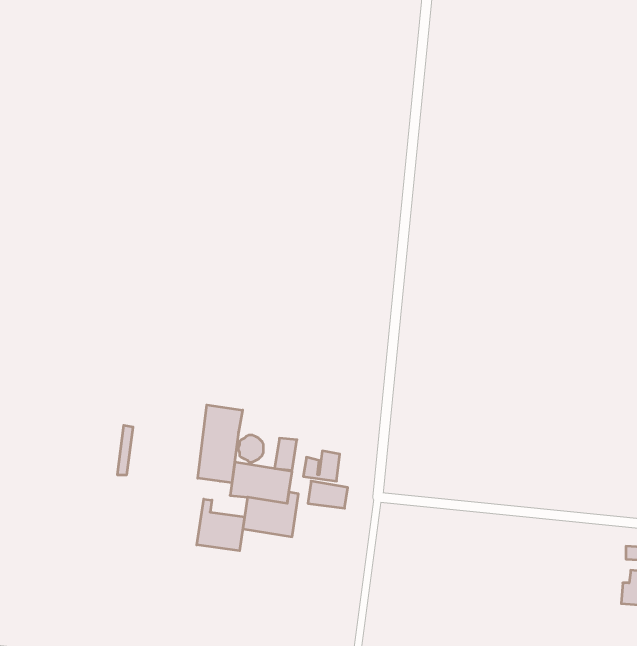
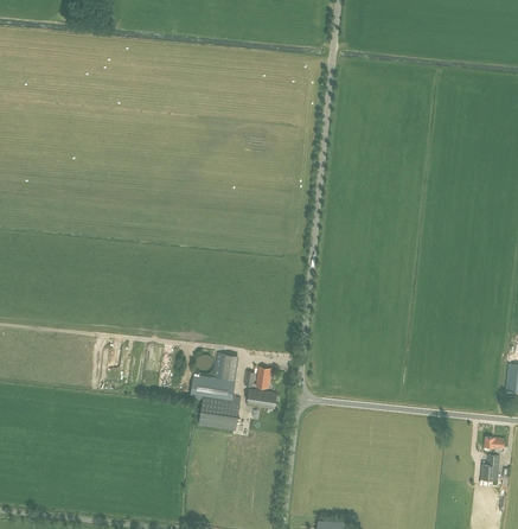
building: [198,405,243,483] -> none
building: [197,499,245,551] -> none

